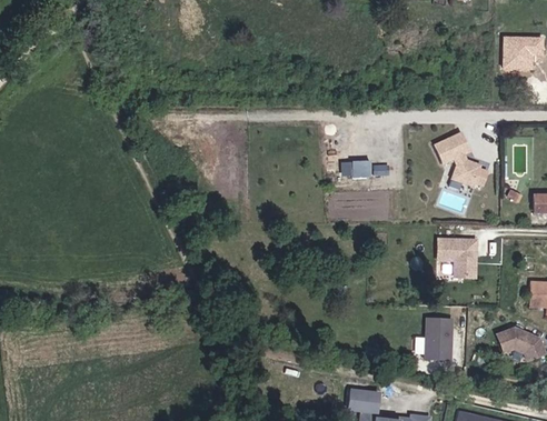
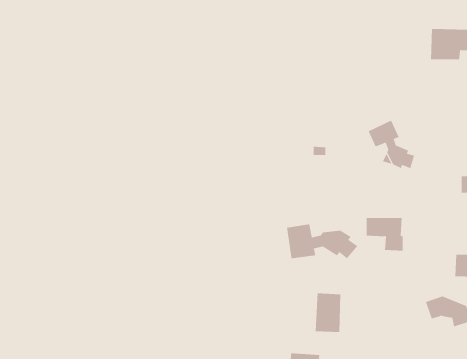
building: [341,159,370,174] -> none
building: none -> [287,224,358,259]
building: [424,317,452,360] -> [315,293,341,333]

